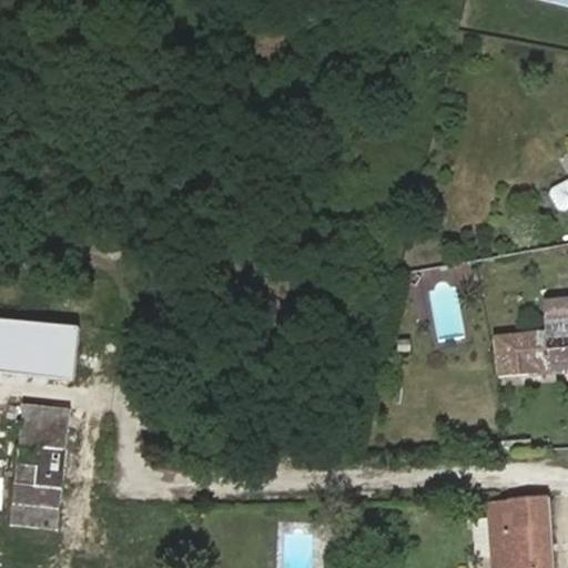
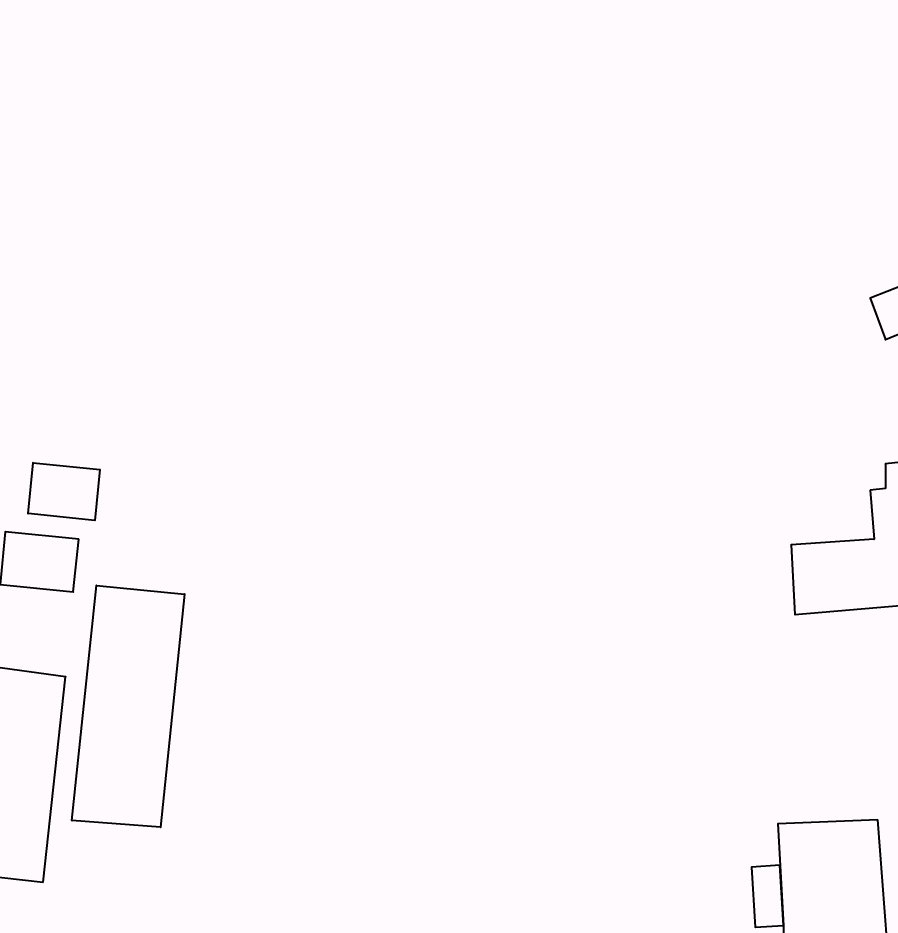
building: none -> [28,463,100,520]
building: none -> [72,585,185,827]

